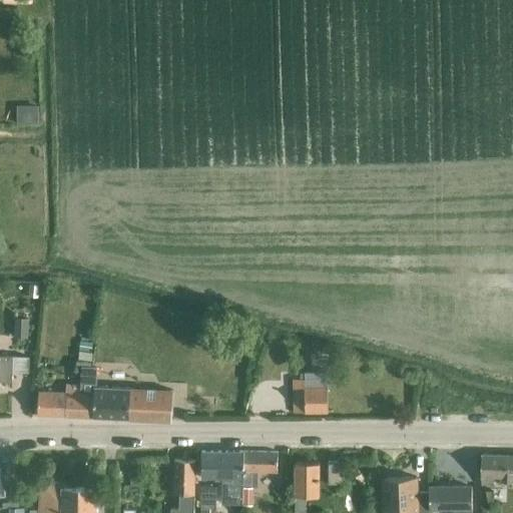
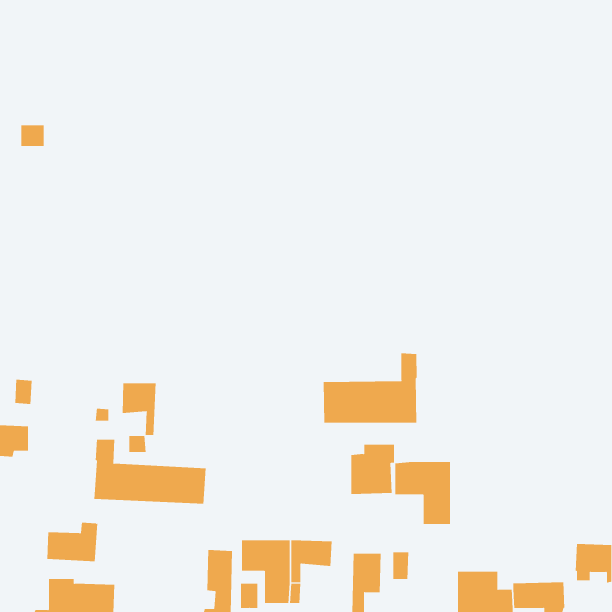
building: none -> [323,352,417,424]
building: none -> [122,383,156,436]
building: [37,385,80,418] -> [46,522,98,562]
building: none -> [395,461,450,525]

